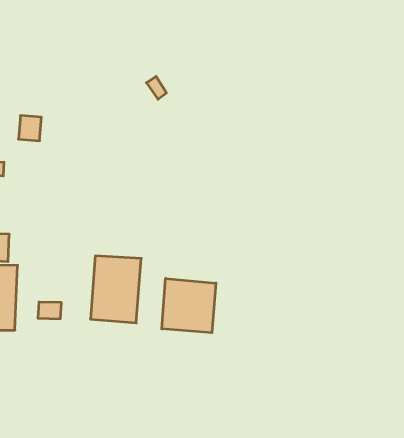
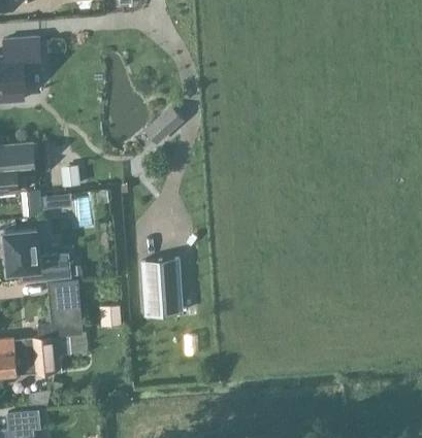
building: [162,278,216,333] -> none

